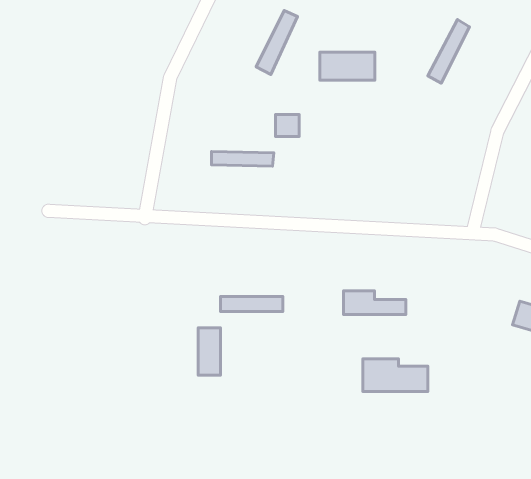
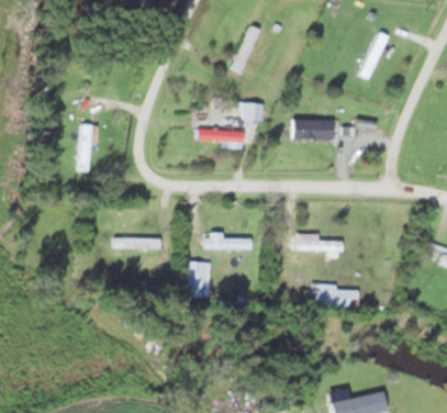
building: [320,52,375,80] -> [292,119,333,139]
building: none -> [79,124,97,170]
building: none -> [113,236,160,252]

